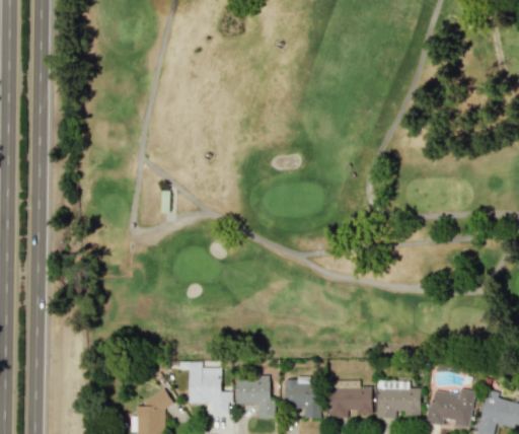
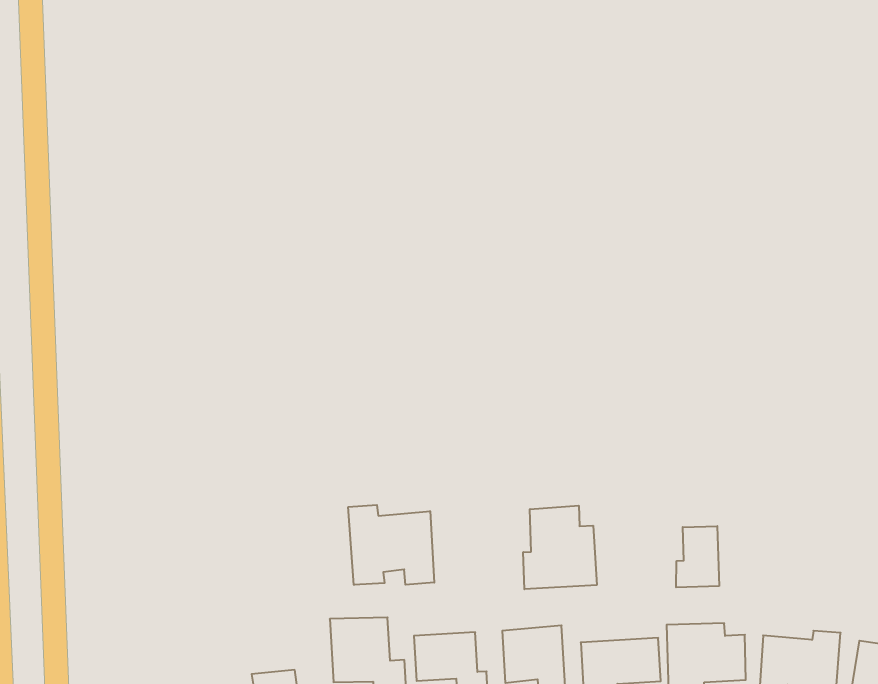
building: none -> [348,505,434,585]
building: none -> [523,506,597,589]
building: none -> [676,526,719,587]

